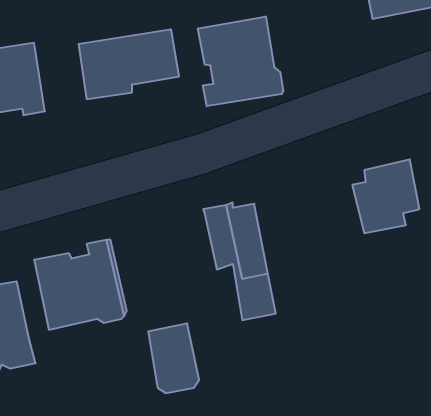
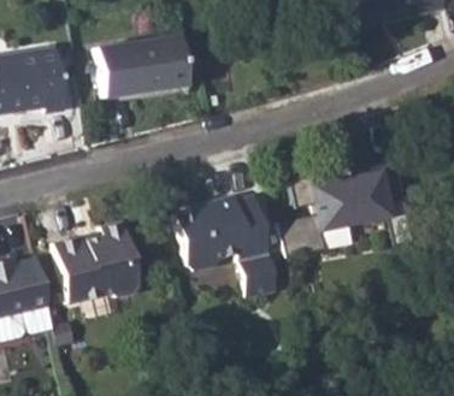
building: [198,16,283,106] -> none
building: none -> [283,166,355,254]
building: [148,323,199,393] -> [177,200,223,262]

